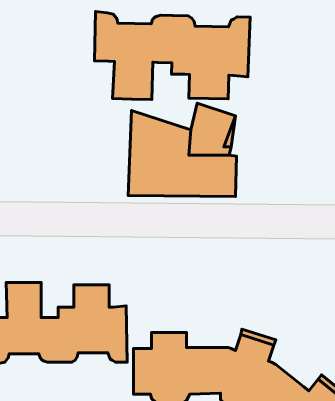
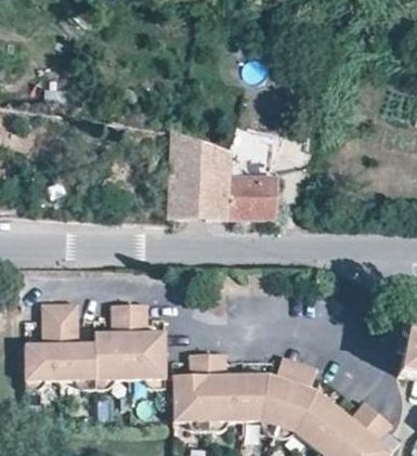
building: [94,11,250,100] -> none

